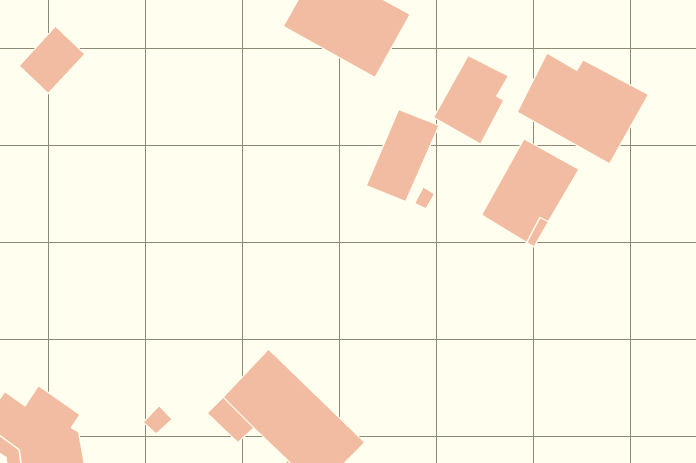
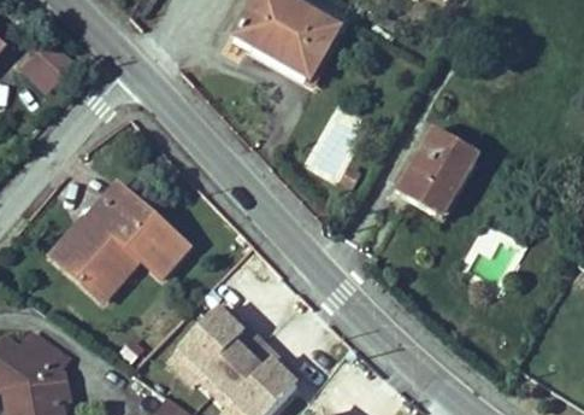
building: [517,53,649,164] -> none
building: [433,55,508,144] -> none
building: none -> [51,181,189,300]

